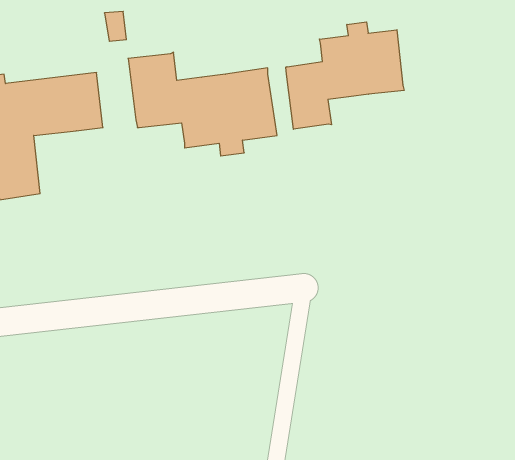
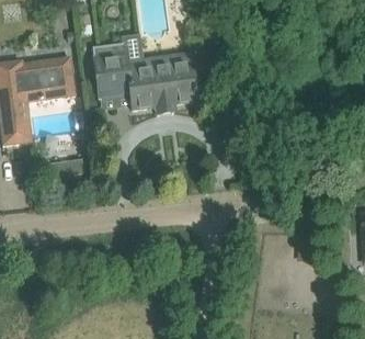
building: [286,22,404,129] -> none

